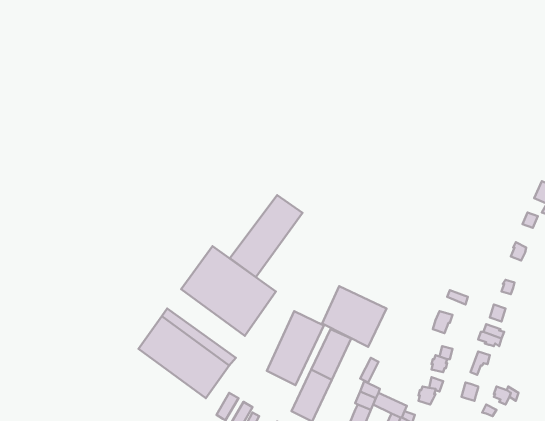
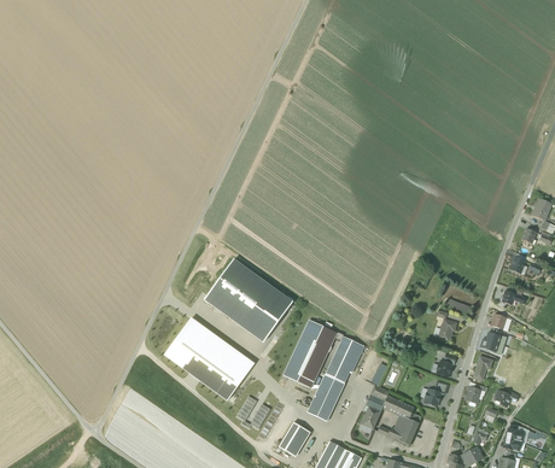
building: [230,195,303,277] -> none
building: [322,286,386,347] -> none

